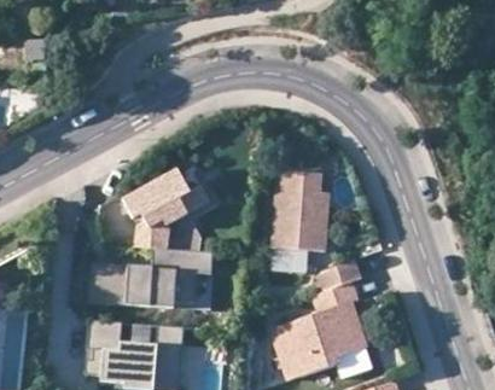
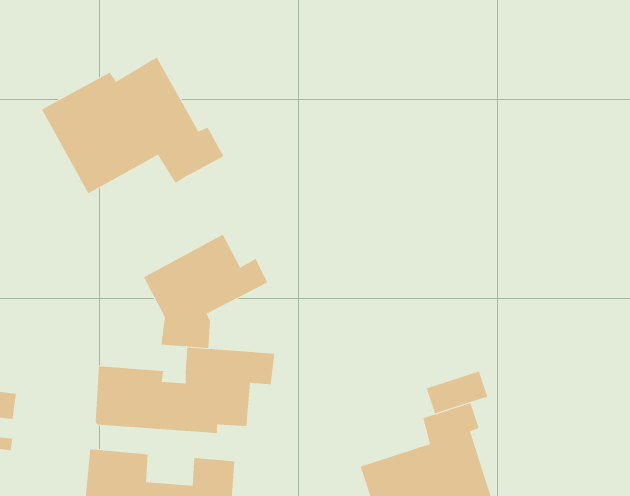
building: none -> [41,56,224,194]
building: [272,171,330,252] -> none

